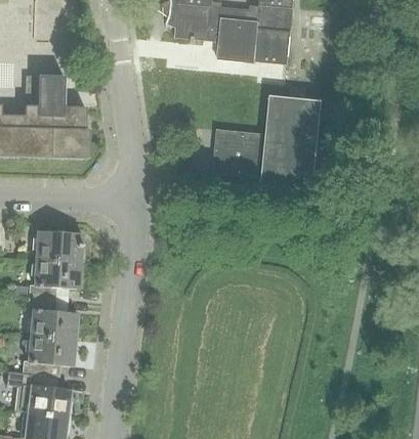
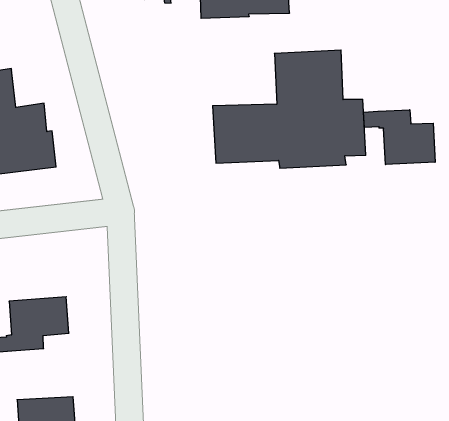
building: none -> [363,110,435,165]
building: [35,230,81,260] -> none
building: [27,296,76,339] -> none

